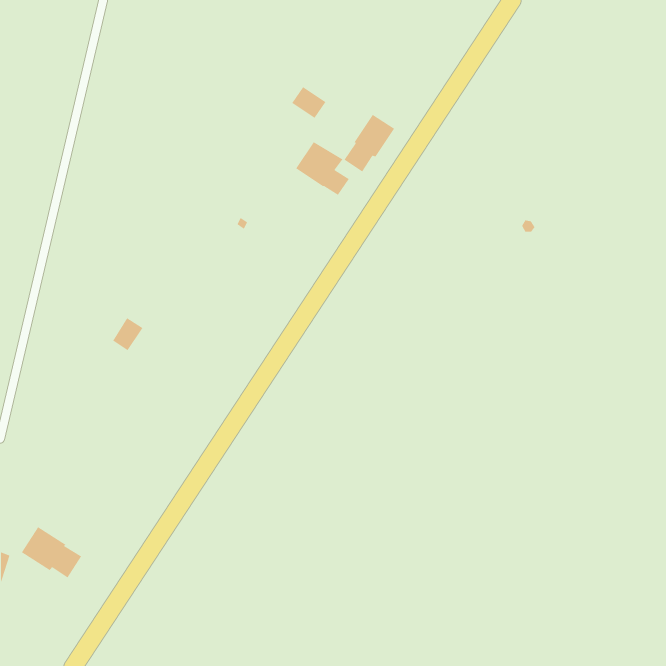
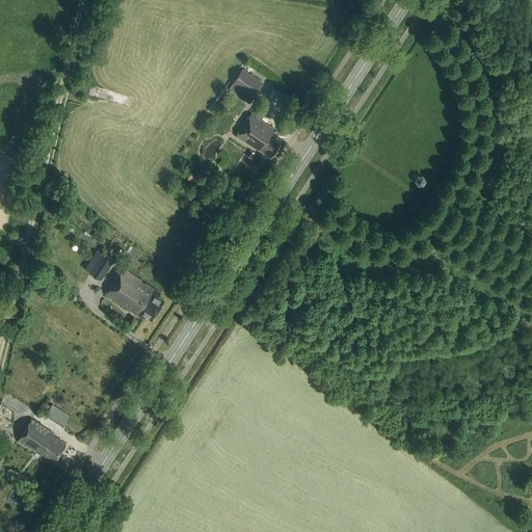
building: [343,114,395,172] -> none
building: none -> [107,269,165,320]

